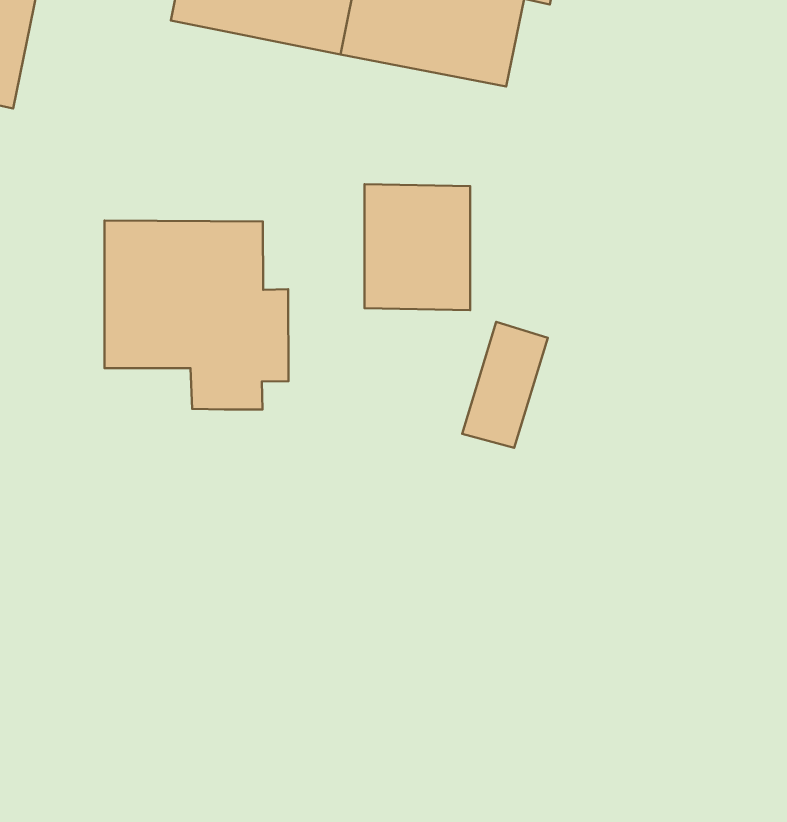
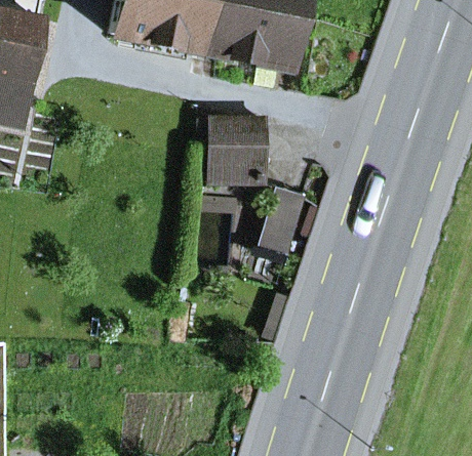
building: [105,220,289,409] -> none

